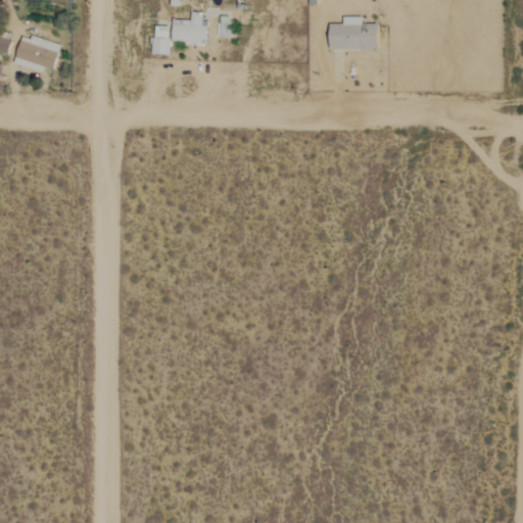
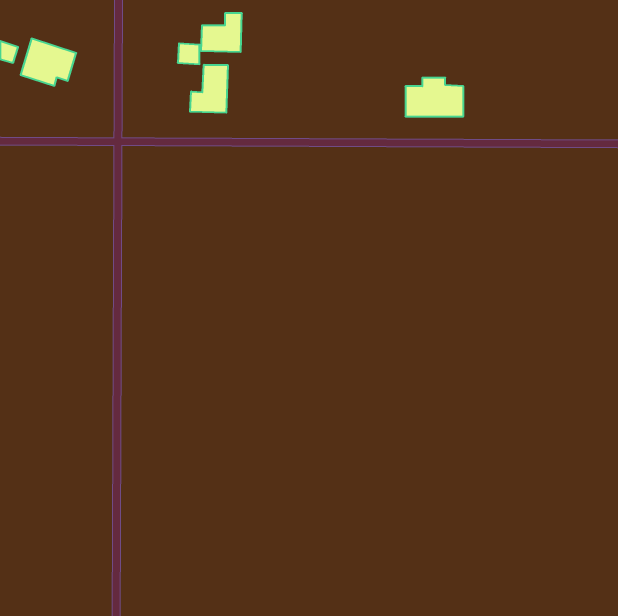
building: [327,16,376,49] -> [405,78,463,116]
building: none -> [190,65,228,113]

